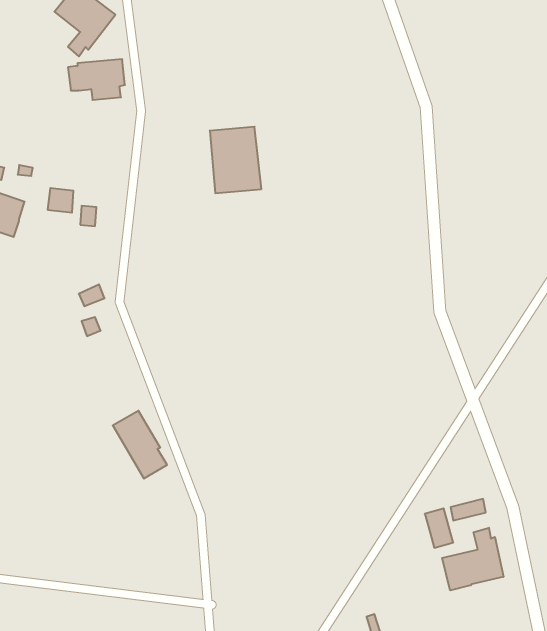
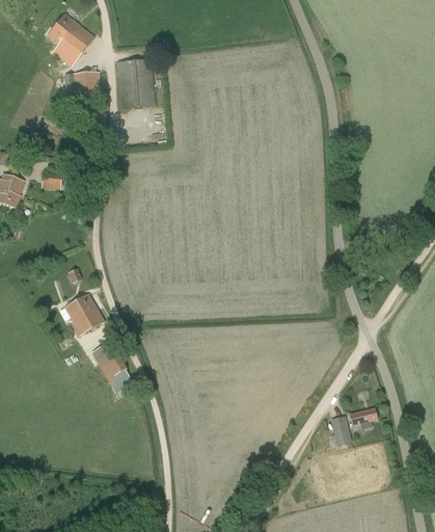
building: [210,127,261,193] -> [116,58,156,109]
building: none -> [65,294,104,335]
building: [442,528,503,590] -> none

